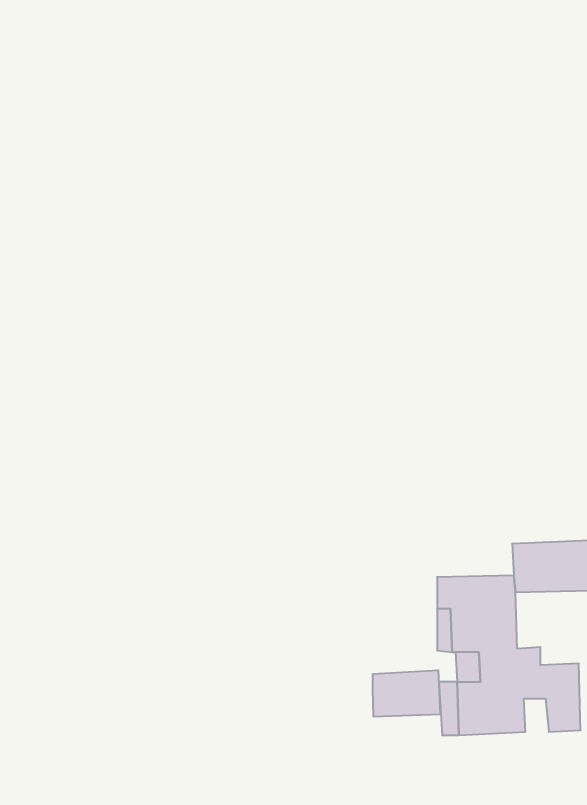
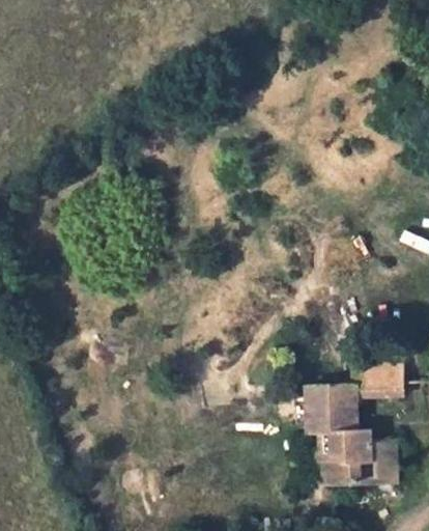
building: [373,670,440,717] -> none

